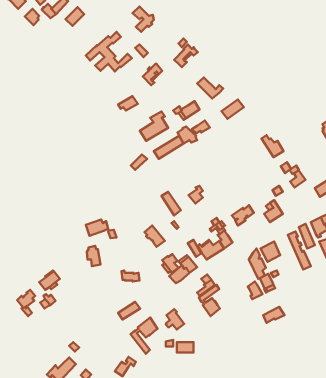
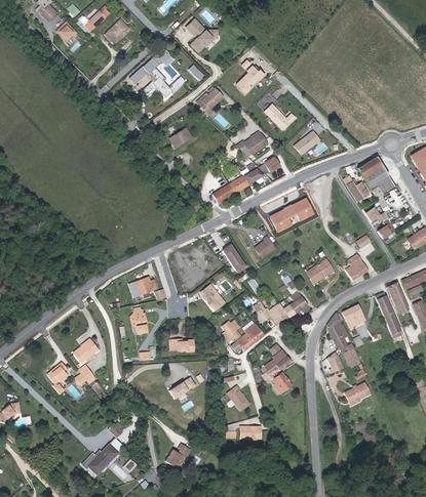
building: [140,112,168,141] -> none
building: none -> [358,156,396,208]
building: none -> [271,197,315,232]
building: [130,317,158,354] -> none

